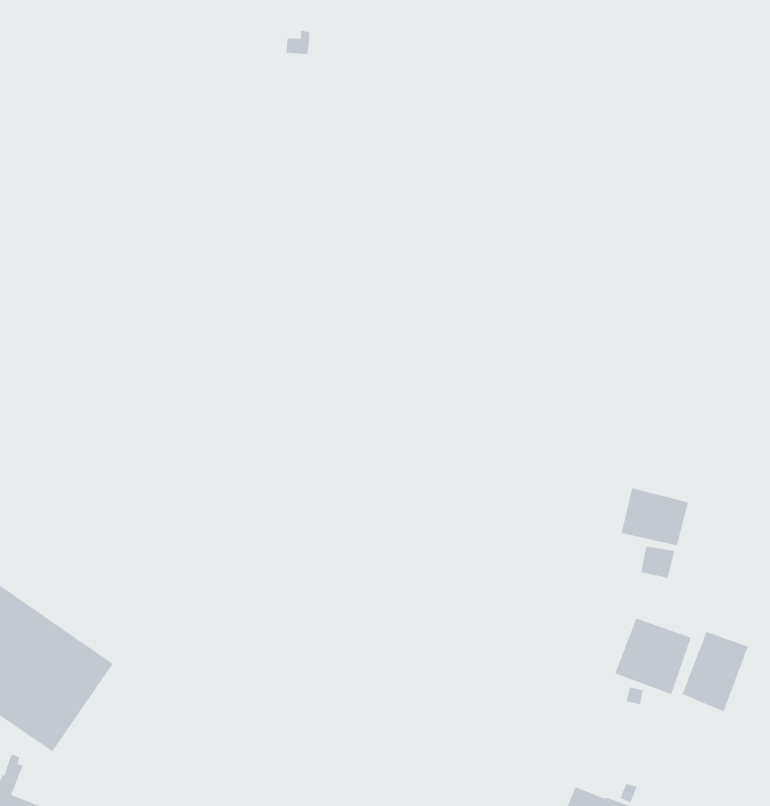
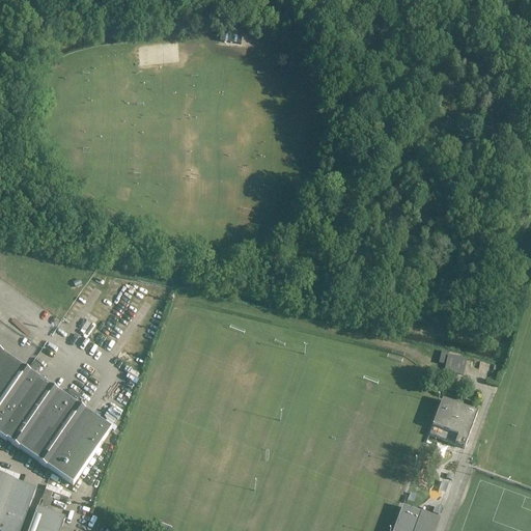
building: [621,487,688,546] -> none
building: [682,631,749,712] -> none

